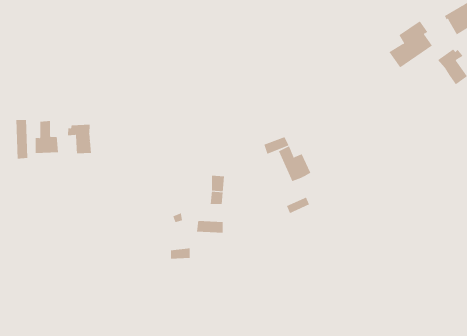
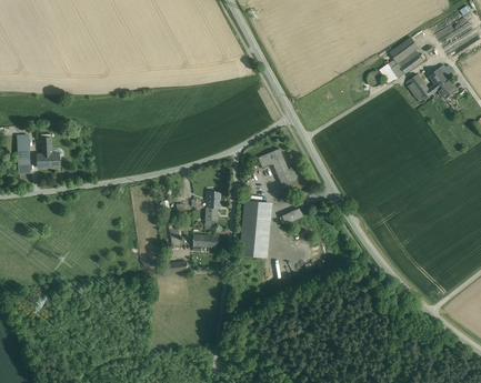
building: none -> [408,73,440,103]
building: [68,124,91,154] -> none
building: none -> [240,198,272,255]

